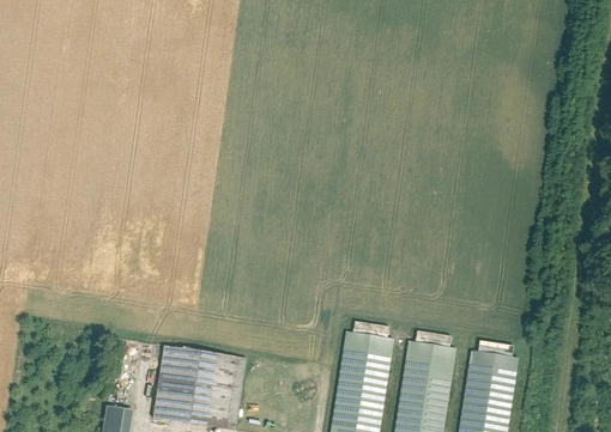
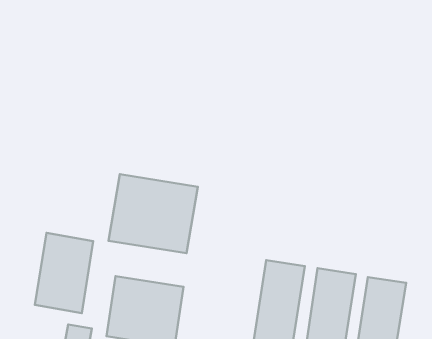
building: none -> [108,174,198,253]
building: none -> [35,233,93,313]

